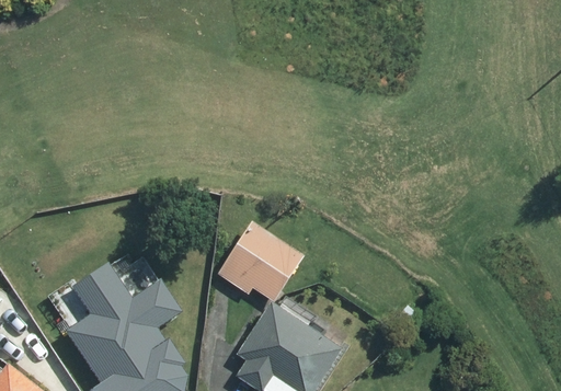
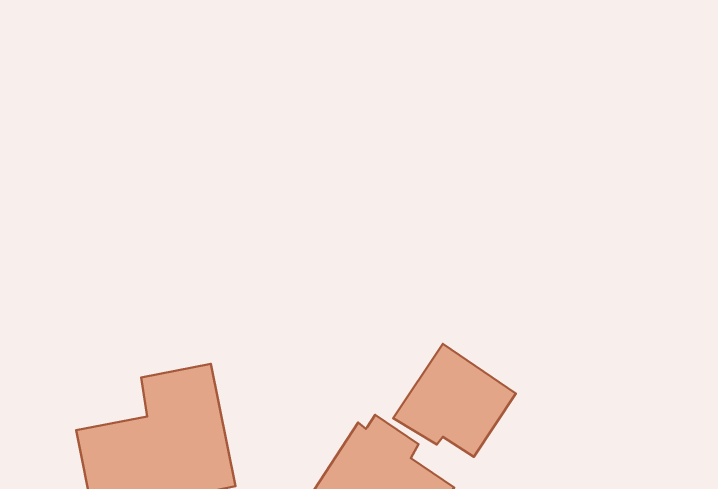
building: [218,222,305,302] -> [393,344,516,457]

